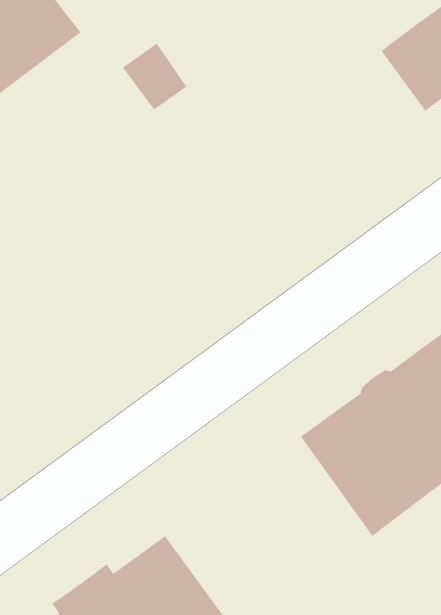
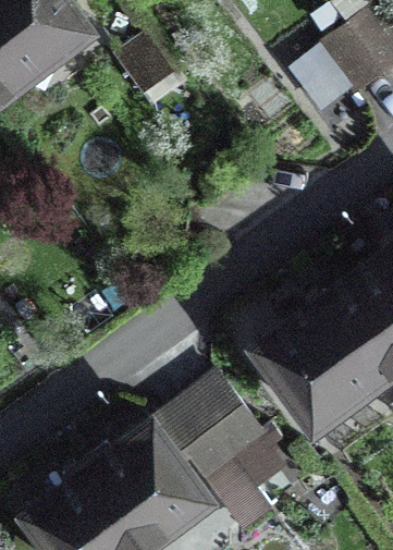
building: none -> [171,384,271,485]

